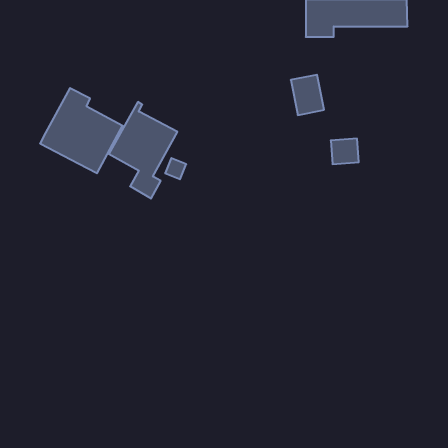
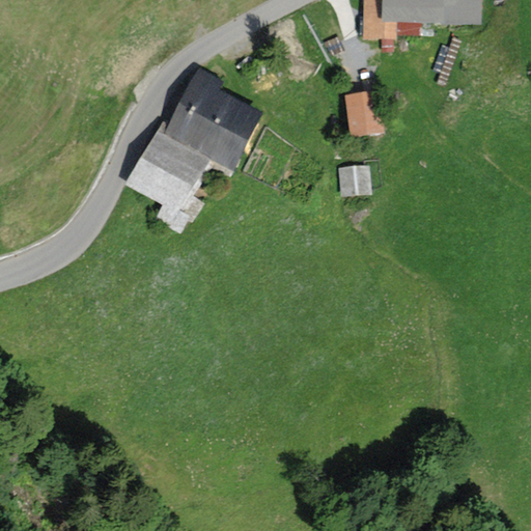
building: [40,88,123,173] -> [164,66,261,167]
building: [331,139,359,164] -> [338,165,371,195]

